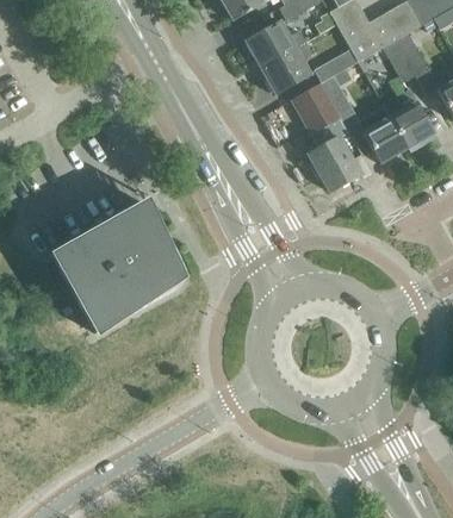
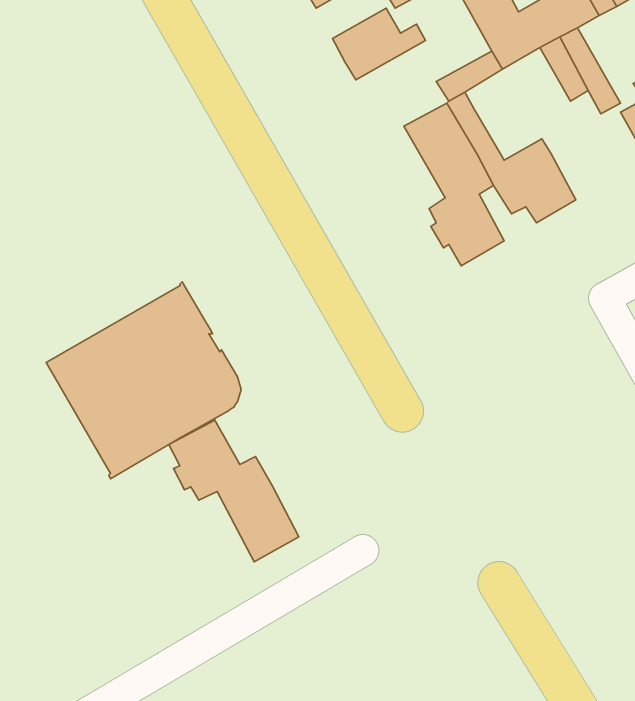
building: [260,42,312,94] -> none
building: [390,89,434,148] -> none
building: none -> [169,420,299,562]

